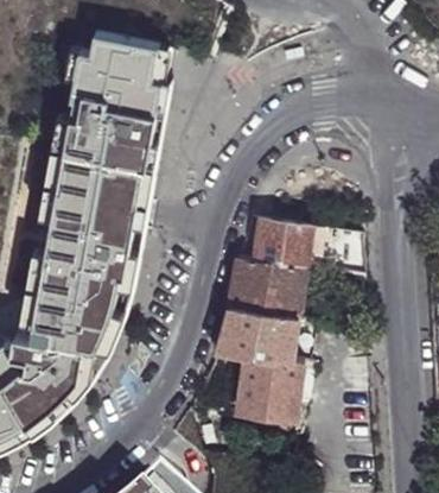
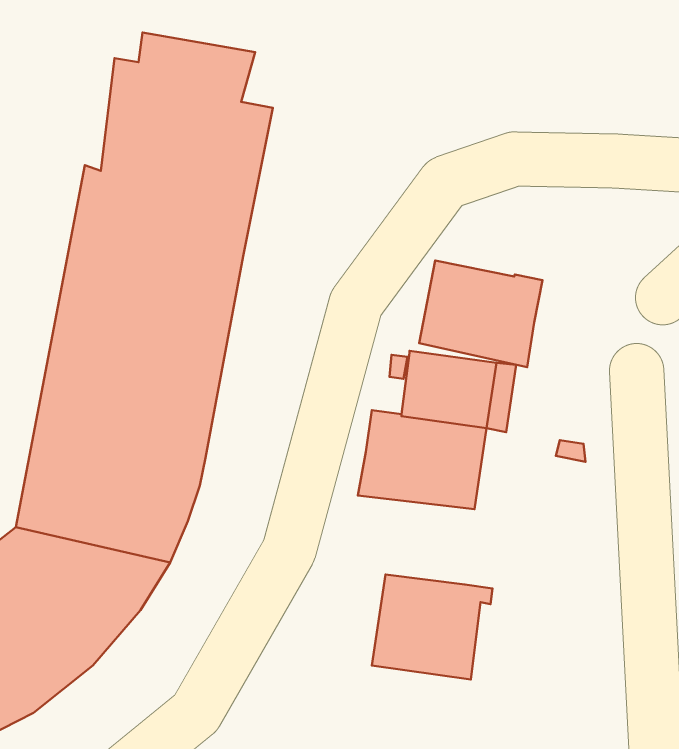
building: none -> [419,261,542,367]
building: [214,304,295,358] -> none

